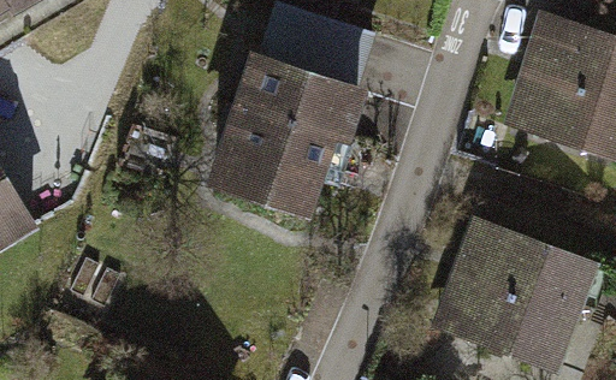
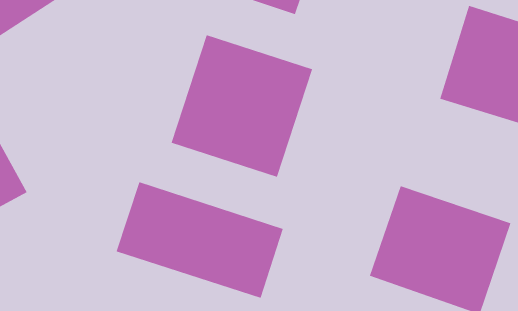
building: none -> [116,181,284,299]

